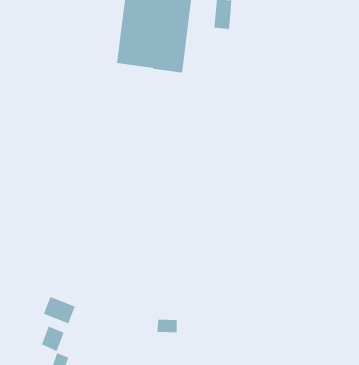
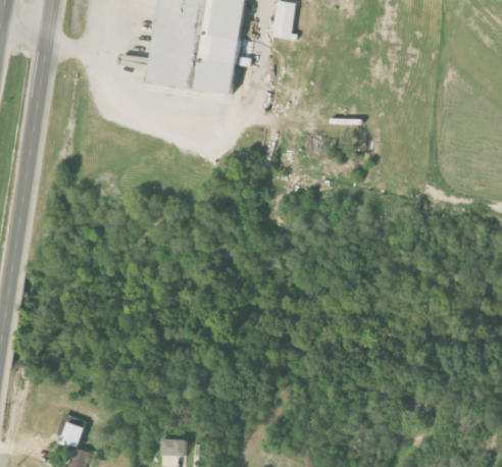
building: [43,296,75,324] -> none
building: [157,319,178,333] -> [158,439,185,457]

